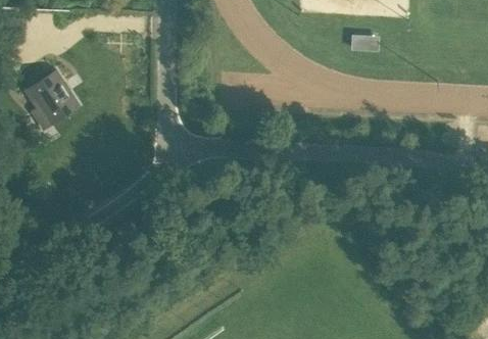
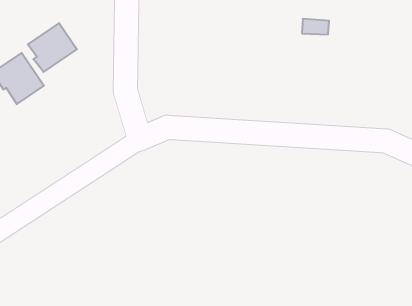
building: none -> [28,23,77,72]

